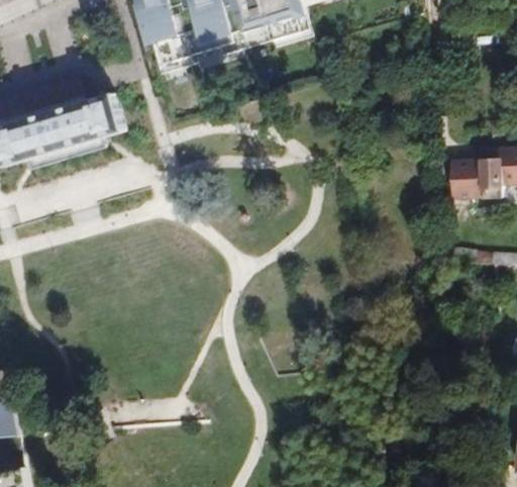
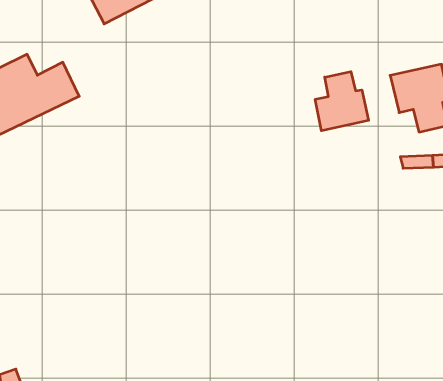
building: none -> [315,72,369,131]

